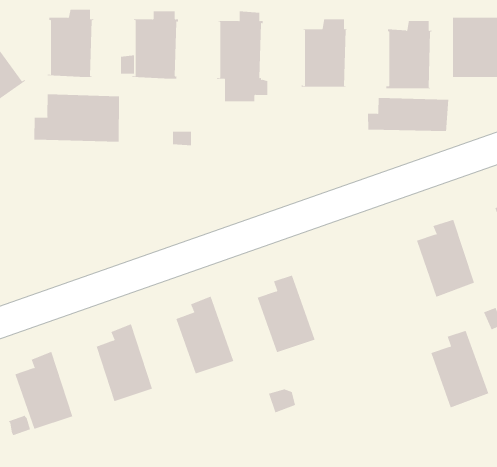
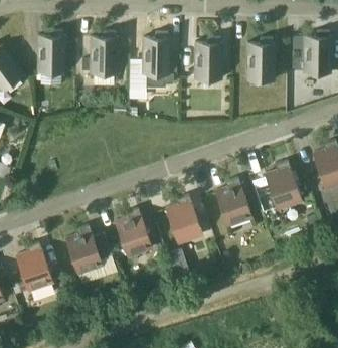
building: [34,93,120,142] -> none
building: [368,97,449,132] -> none
building: [430,330,489,408] -> [216,179,252,227]

